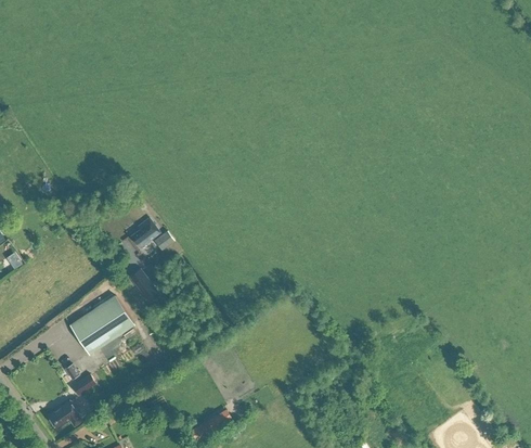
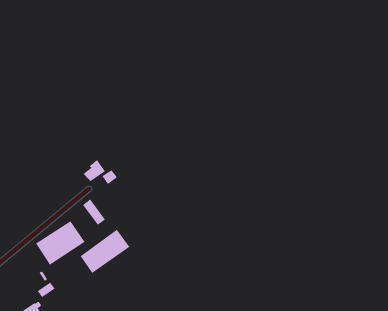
building: none -> [80,229,130,274]

